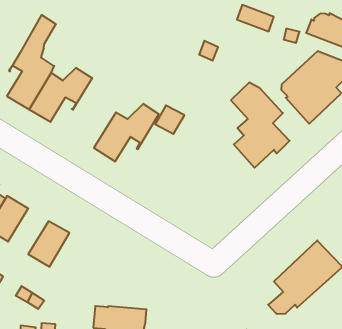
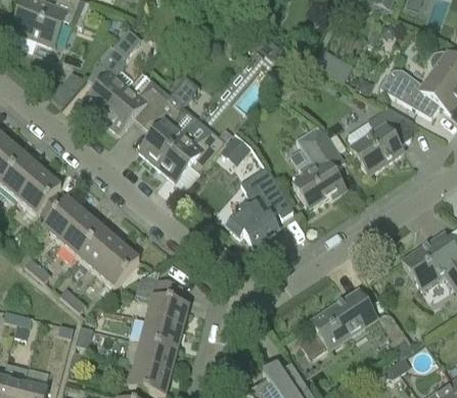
building: none -> [138,76,198,165]
building: none -> [225,167,293,250]
building: none -> [60,213,102,257]
building: none -> [96,242,139,288]
building: none -> [146,278,189,328]

